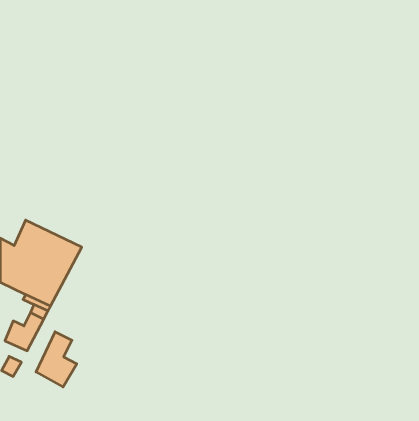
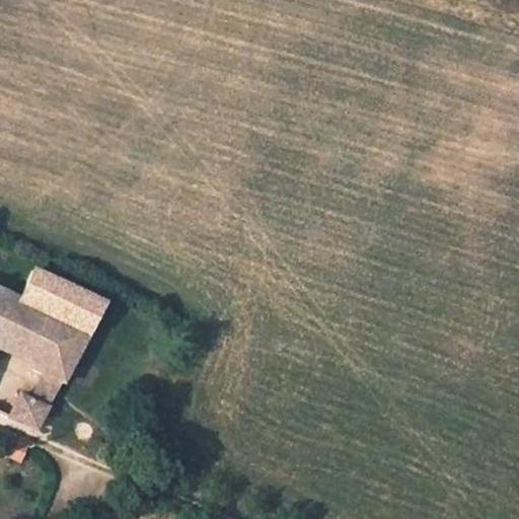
building: [36,332,77,387] -> none

